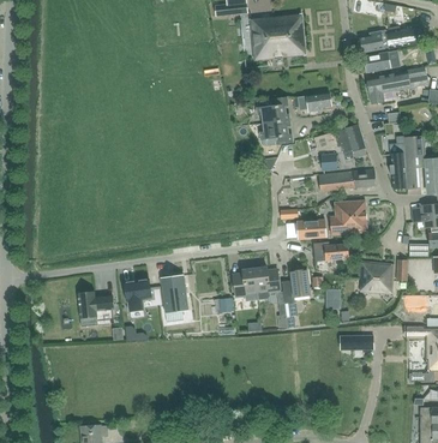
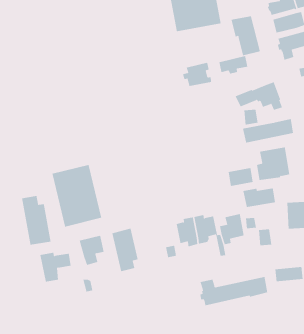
building: none -> [231,15,260,56]
building: [259,119,293,144] -> none
building: none -> [52,164,102,227]
building: none -> [22,195,51,245]
building: none -> [200,276,268,306]

